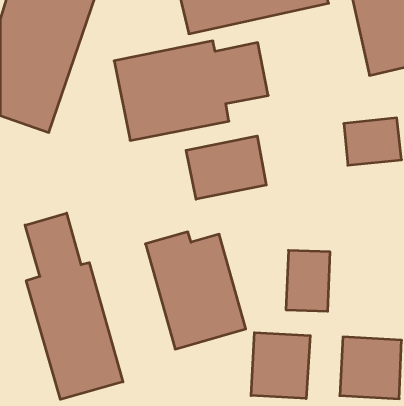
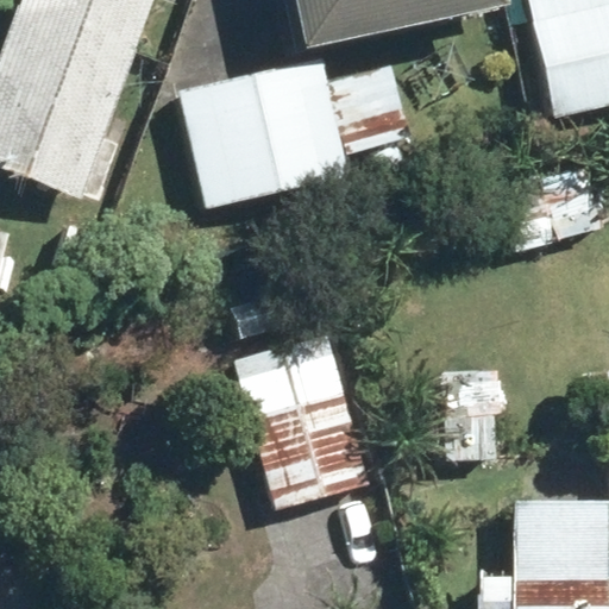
building: [186,136,266,199] -> none
building: [25,213,123,399] -> none
building: [251,333,310,399] -> none

